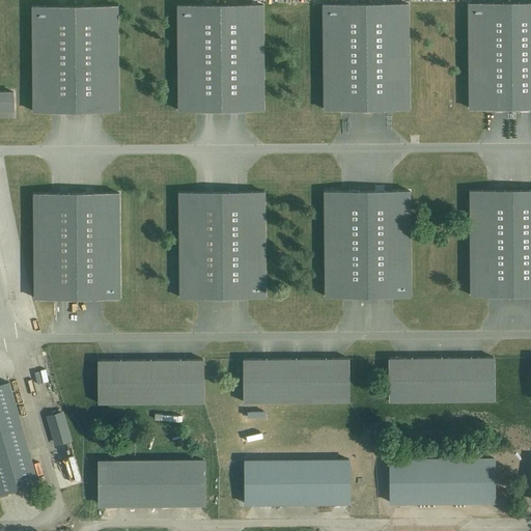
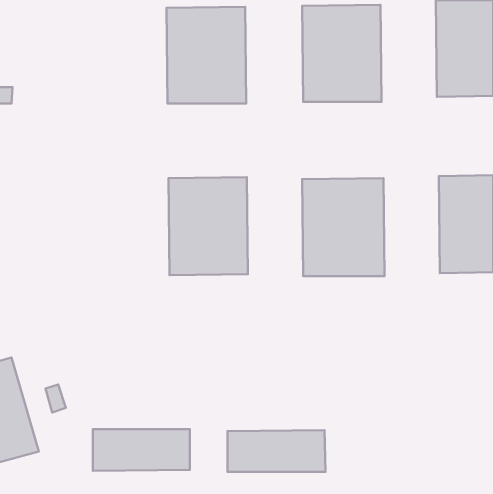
building: [31,8,118,114] -> none
building: [34,195,119,300] -> none
building: [244,358,348,402] -> none
building: [388,359,492,403] -> none
building: [100,360,204,404] -> none
building: [390,459,494,504] -> none

